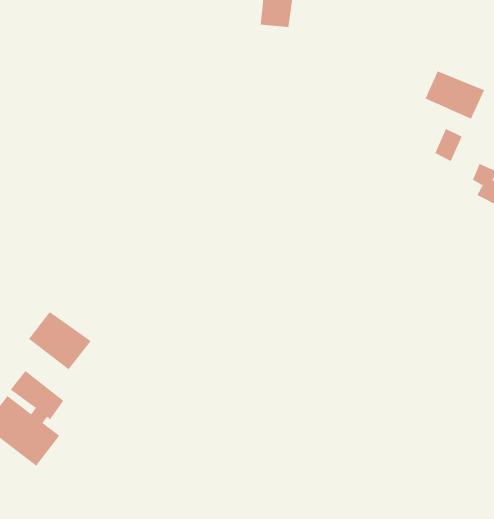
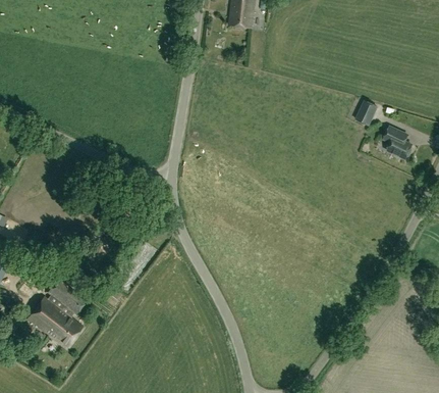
building: [425,70,485,119] -> none
building: [28,311,92,370] -> none

